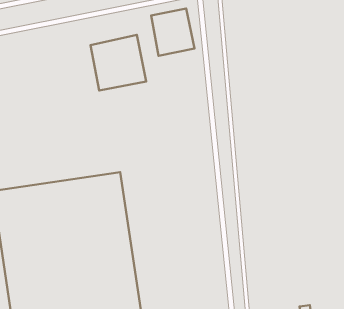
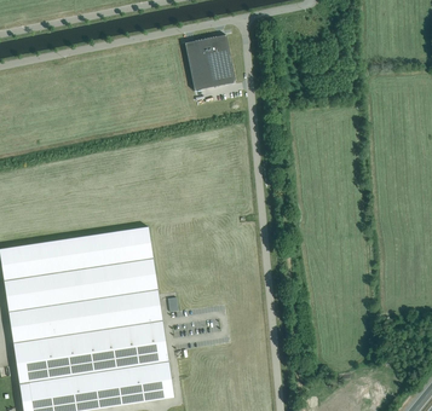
building: [90,35,146,91] -> none

